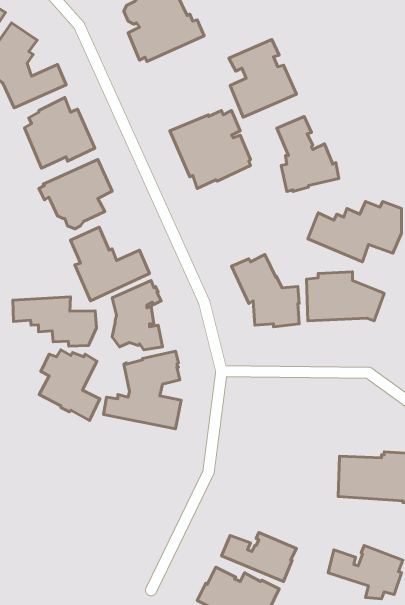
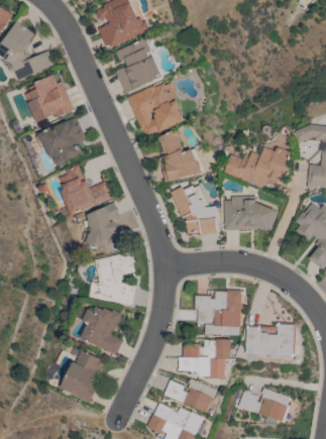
building: [229,39,296,117] -> [115,38,162,93]
building: [277,117,339,191] -> [158,129,202,182]
building: [13,297,96,346] -> none
building: [39,350,100,420] -> [81,306,123,355]
building: none -> [194,290,242,335]
building: none -> [178,338,231,378]
building: none -> [61,347,102,403]

